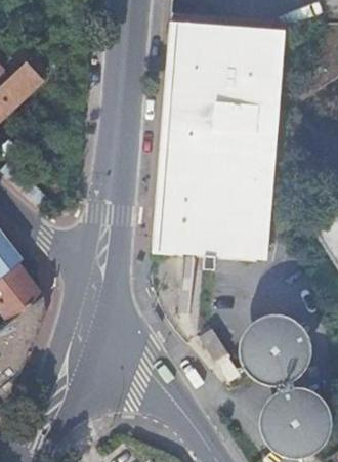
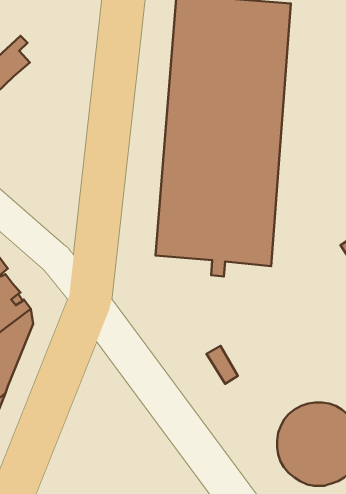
building: [242,303,318,379] -> none

